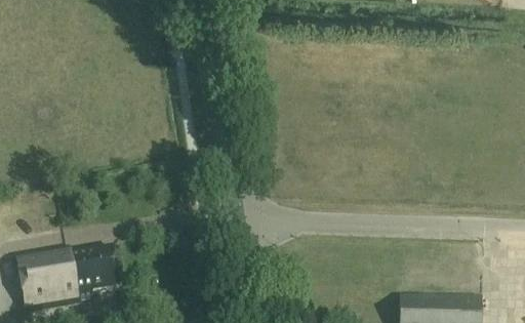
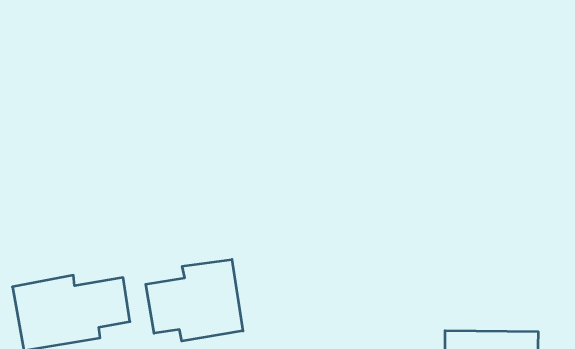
building: none -> [146,259,243,341]

